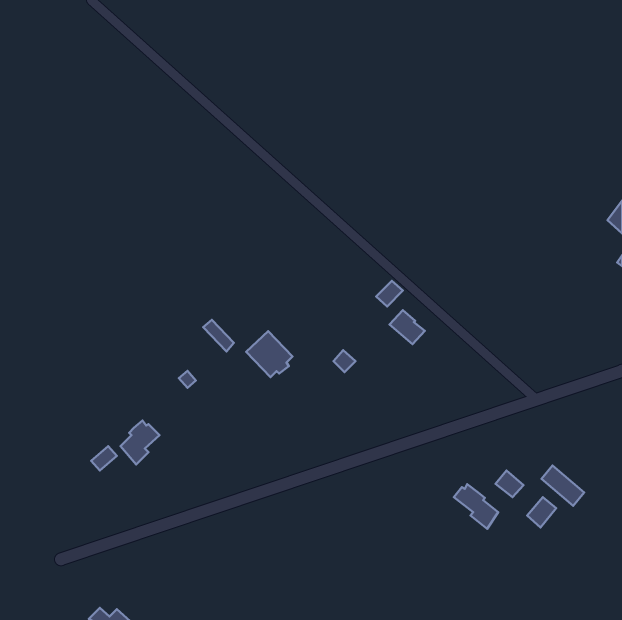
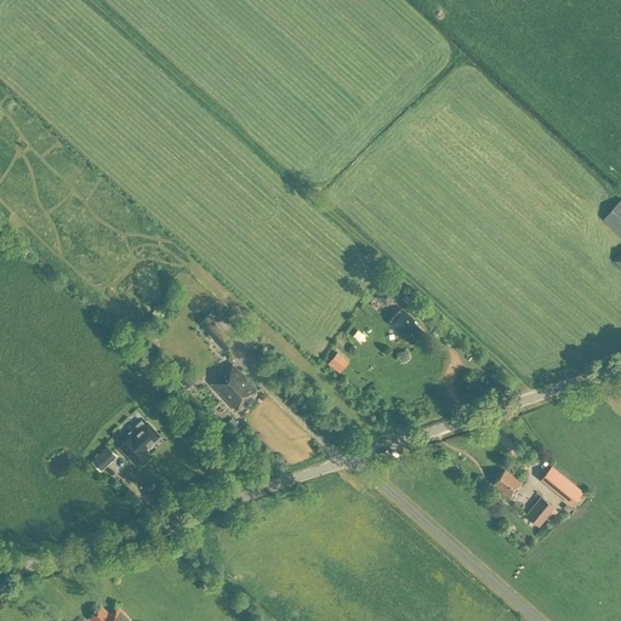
building: [246,331,292,377] -> [211,365,257,411]
building: [454,484,498,529] -> none

